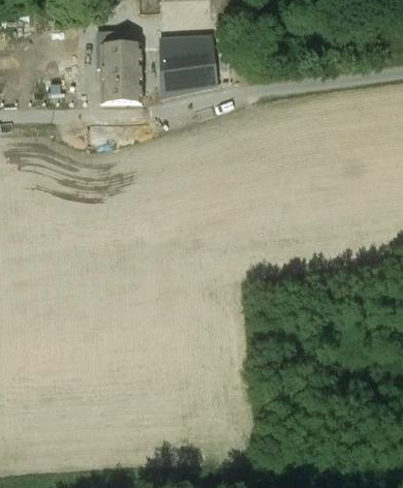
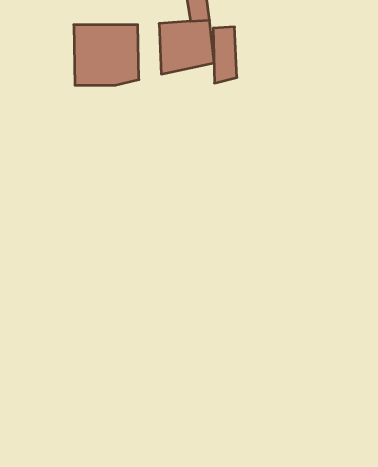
building: [152,42,174,94] -> [213,27,237,83]

